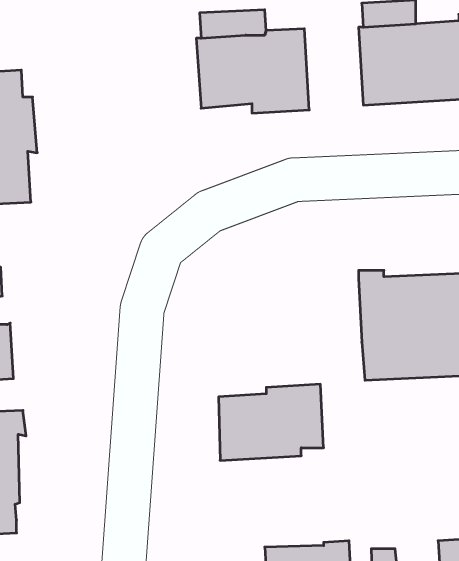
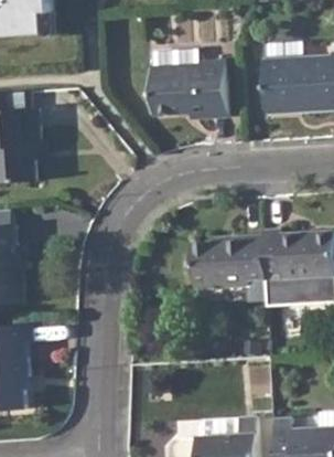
building: [219,384,324,460] -> [192,234,265,287]

